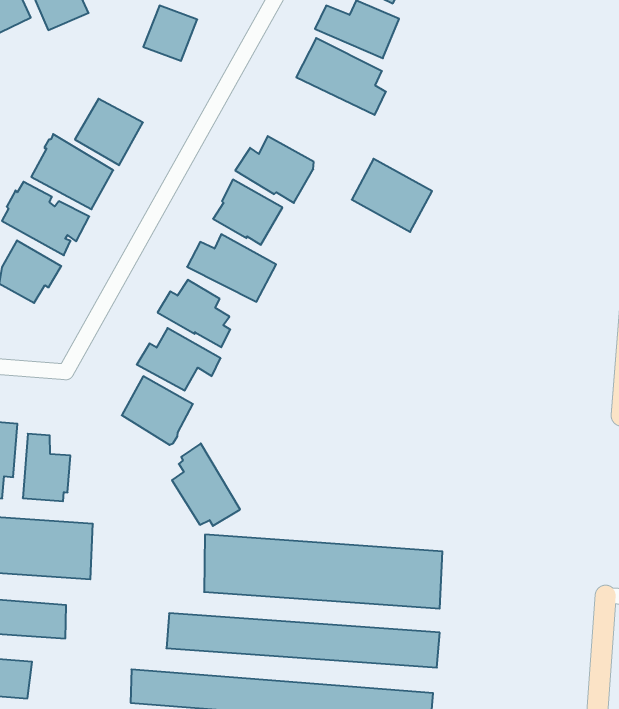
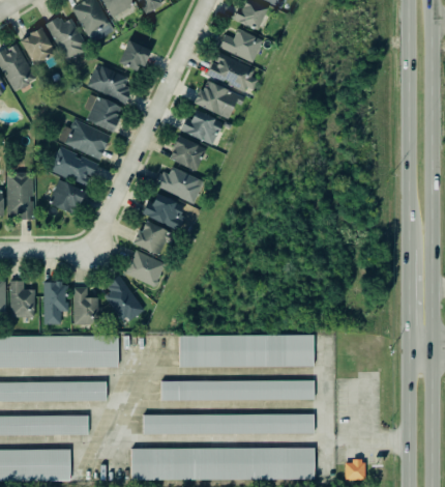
building: none -> [88,64,134,104]
building: [352,159,432,232] -> [196,80,240,119]
building: [172,443,240,526] -> [103,275,143,320]

